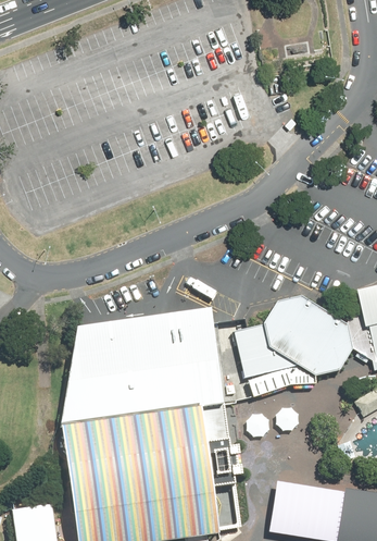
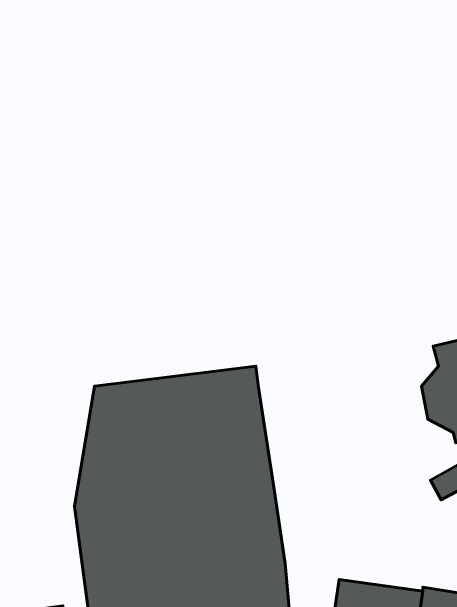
building: [235,295,352,396] -> none

